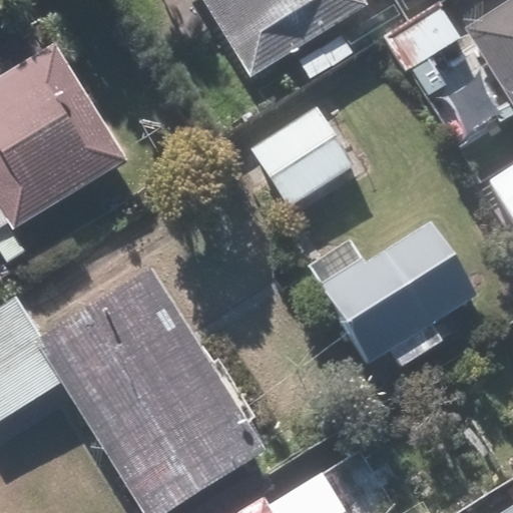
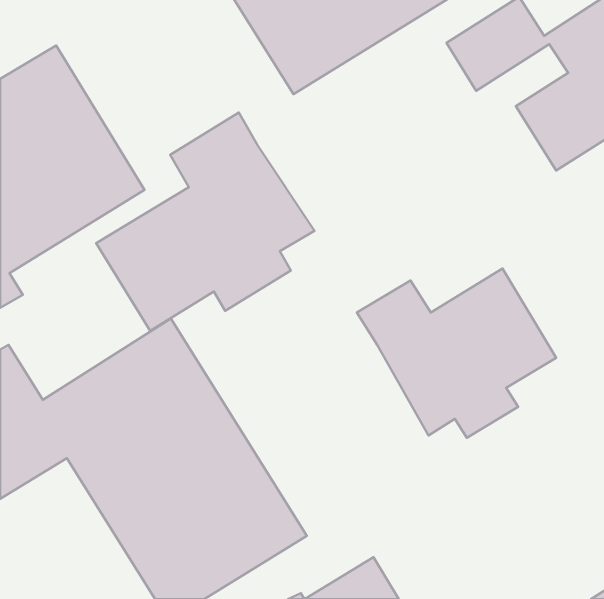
building: none -> [96,113,314,331]
building: [248,102,356,206] -> none

